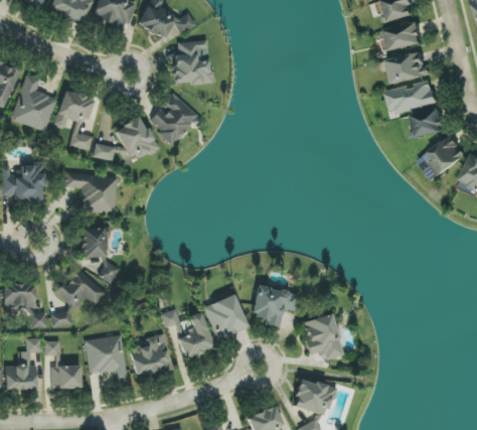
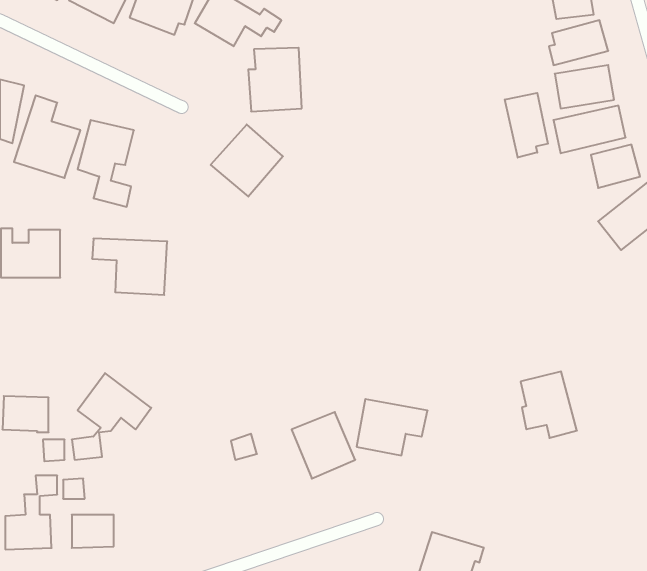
building: none -> [505,93,548,158]
building: [93,117,158,161] -> none
building: [81,228,116,280] -> none
building: [177,311,213,359] -> none
building: [304,314,343,361] -> [521,371,577,438]
building: [129,333,172,377] -> none
building: [86,336,126,383] -> none

